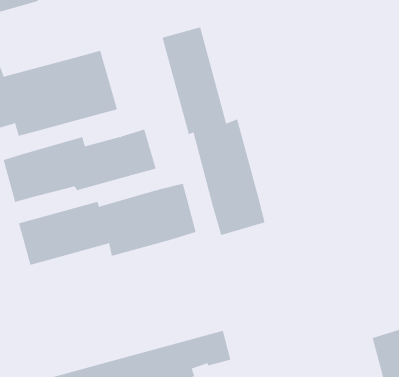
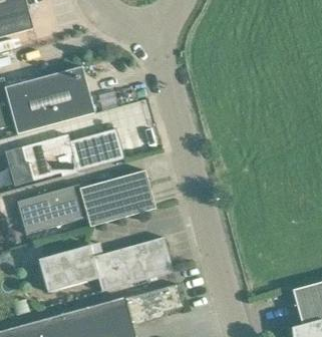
building: [162,27,265,236] -> none
building: none -> [38,237,173,292]

